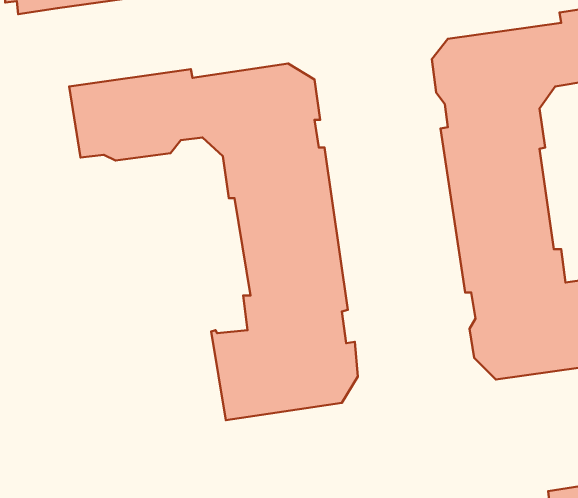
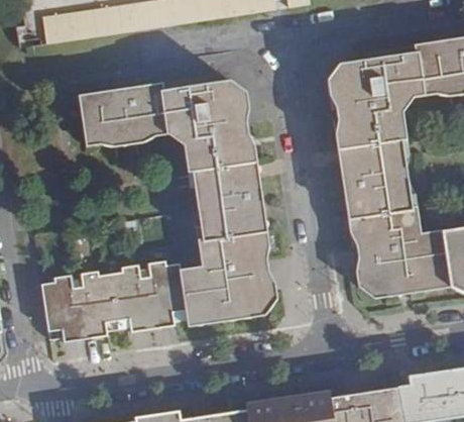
building: none -> [40,261,186,347]

